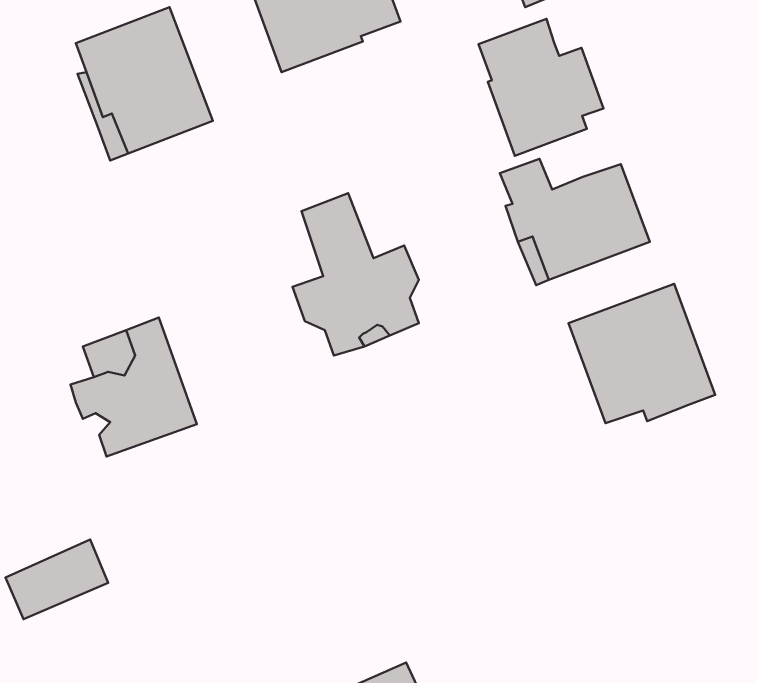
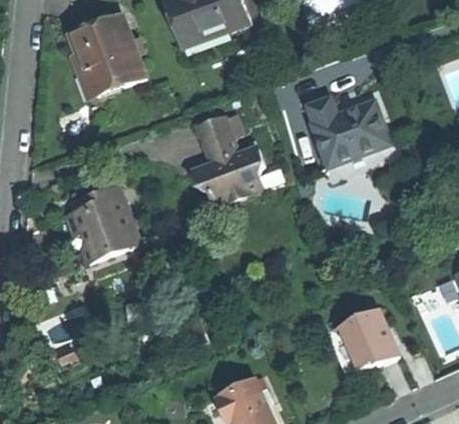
building: [478,19,604,156] -> none
building: [569,284,715,423] -> none
building: none -> [338,309,397,368]

